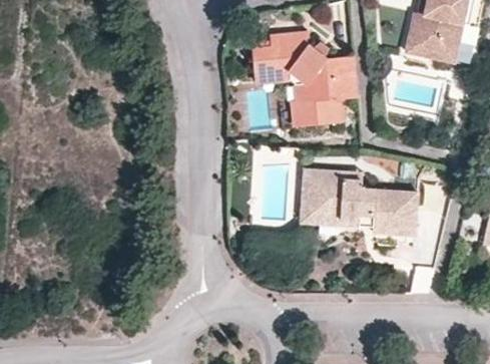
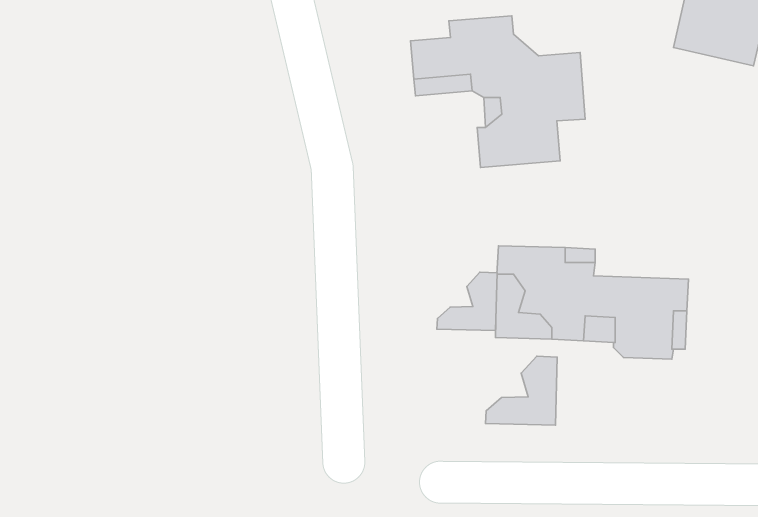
building: none -> [437,272,497,330]
building: none -> [486,356,557,425]

